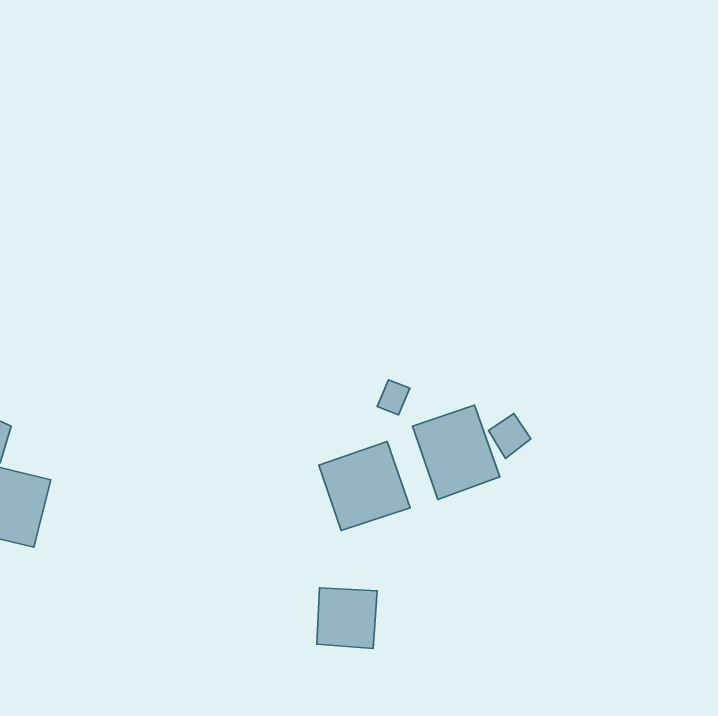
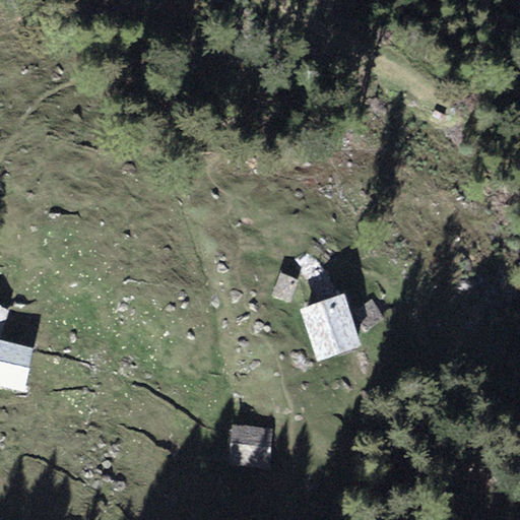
building: [319,441,410,531] -> none

